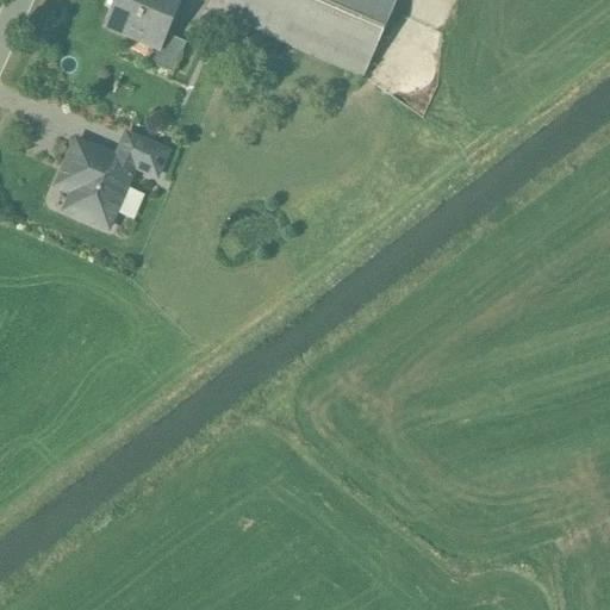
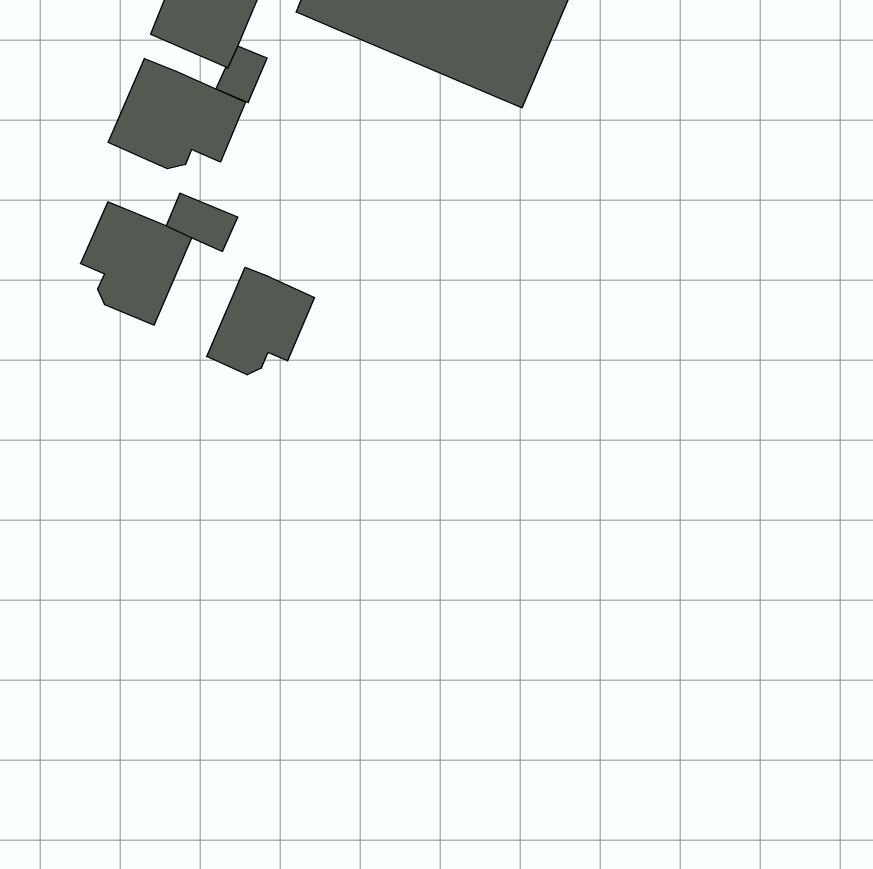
building: none -> [108,58,245,169]
building: none -> [207,267,314,375]

